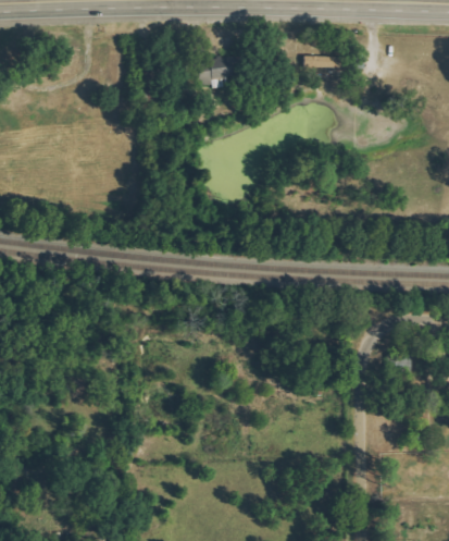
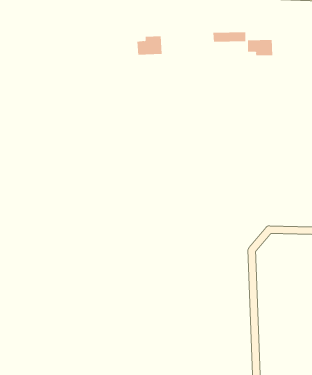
building: none -> [247,39,273,56]

